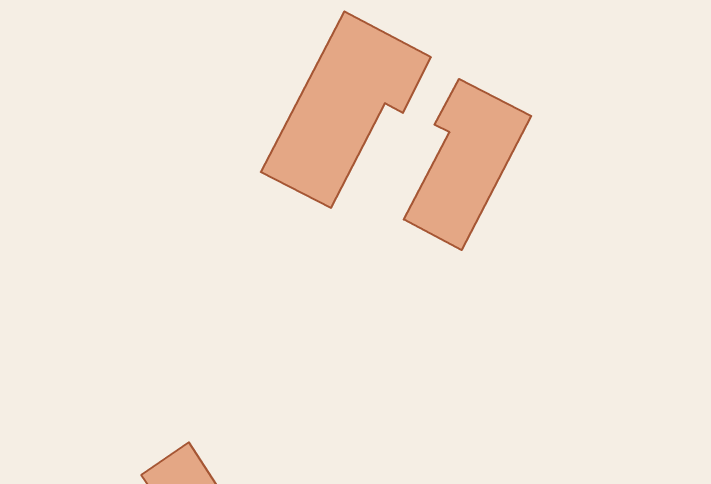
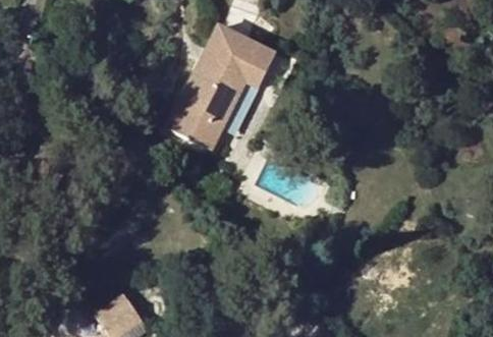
building: [404,79,531,250] -> none

